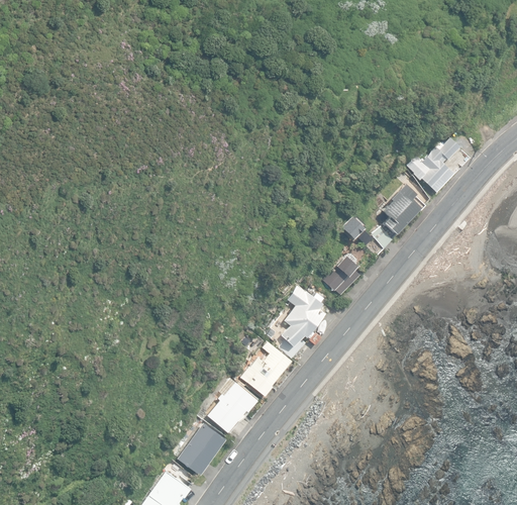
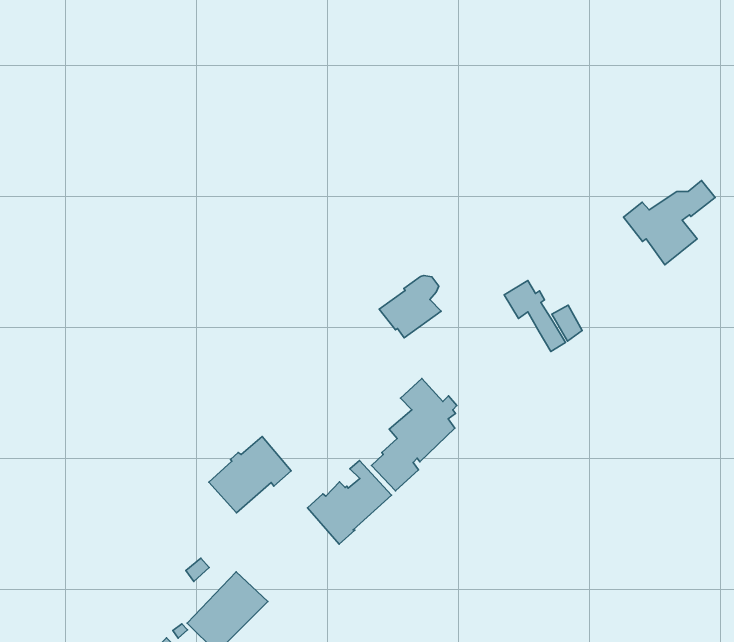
building: [382,184,428,234] -> none
building: [322,255,360,295] -> [379,275,441,338]
building: [207,382,256,431] -> [209,437,291,513]

